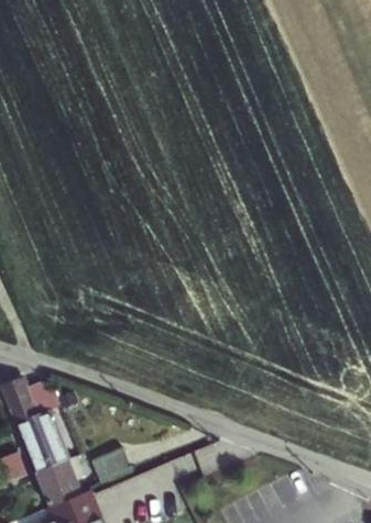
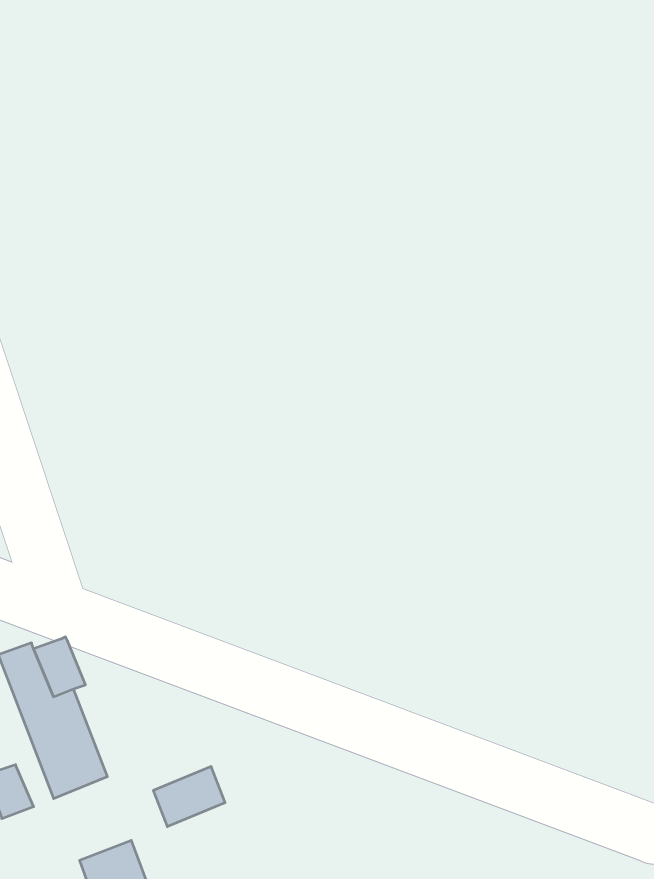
building: [35,452,83,503] -> none

